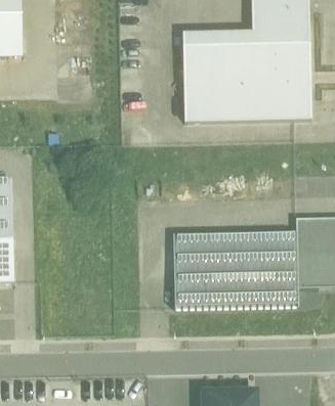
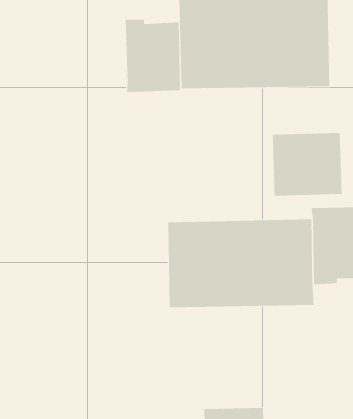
building: none -> [125,19,180,93]
building: none -> [272,132,342,197]

